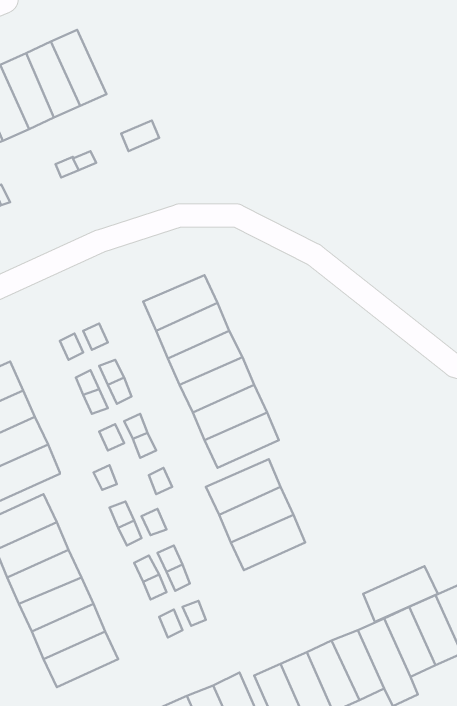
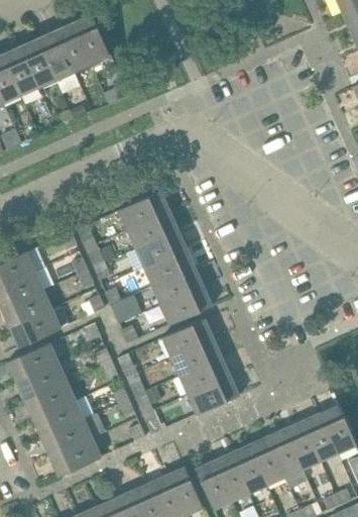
building: none -> [73,13,111,66]
building: [363,566,438,622] -> [188,376,239,414]

